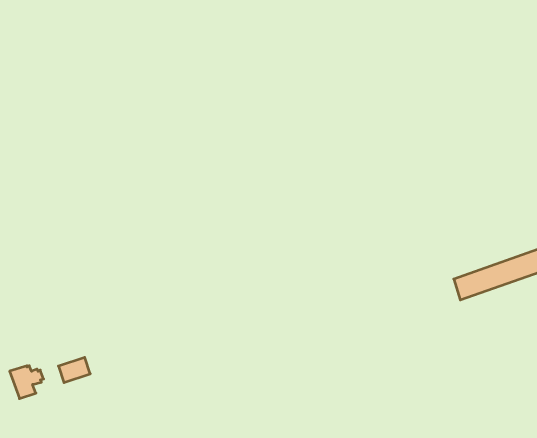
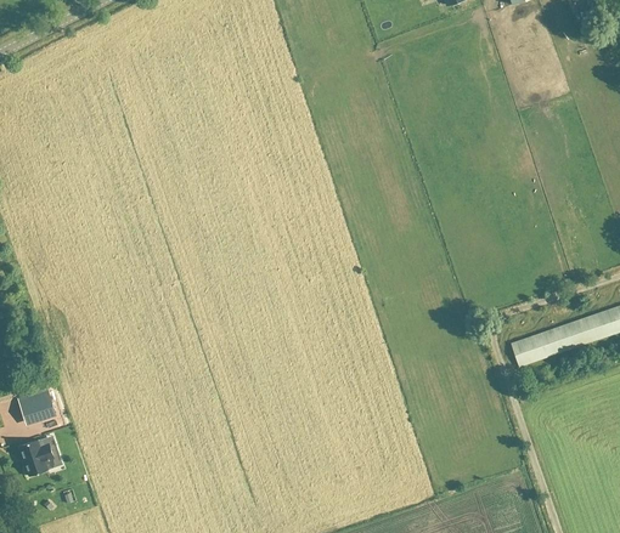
building: [58,357,90,383] -> [19,391,55,419]

